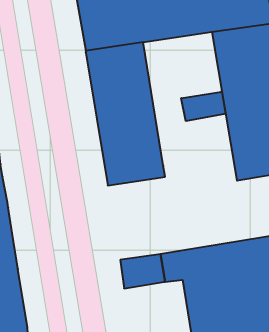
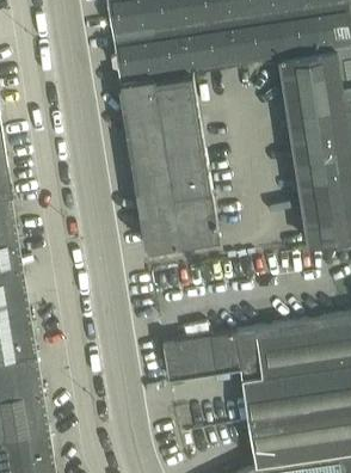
building: [181,91,225,121] -> none

